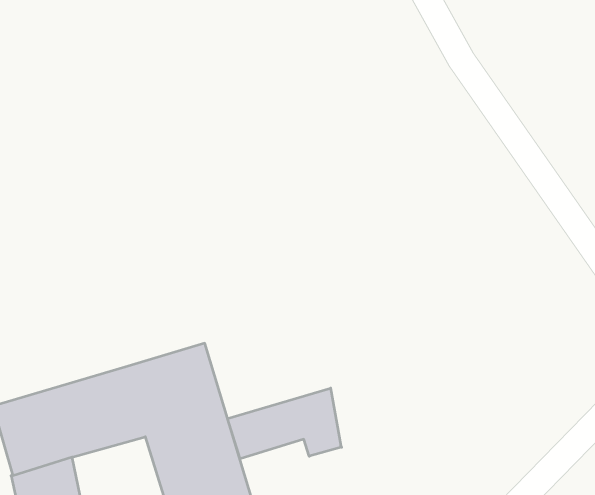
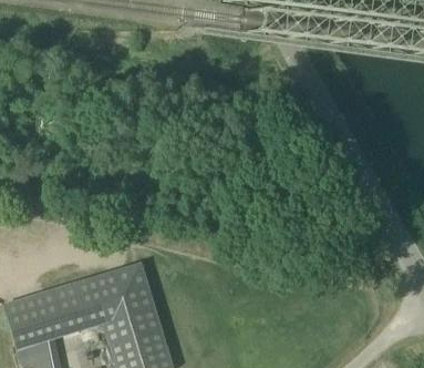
building: [228,388,342,459] -> none

